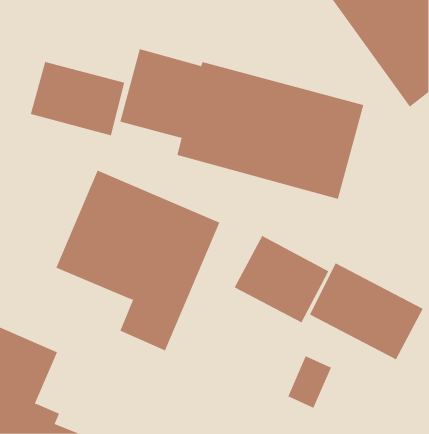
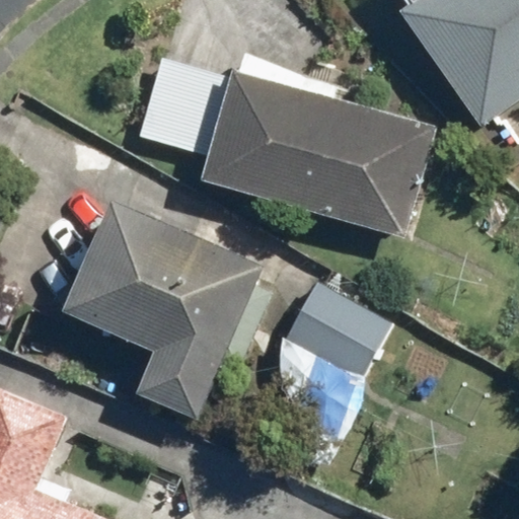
building: [30,61,125,136] -> none
building: [309,262,423,360] -> none

